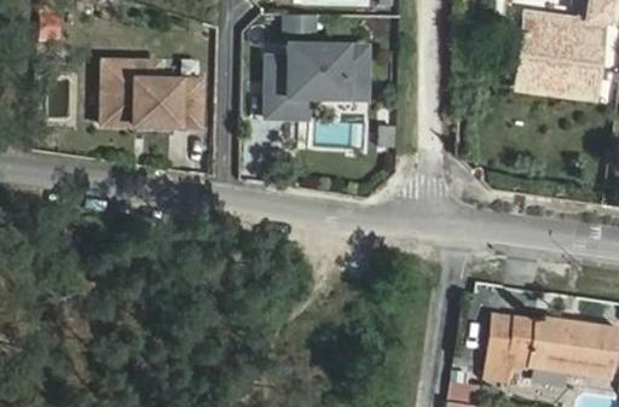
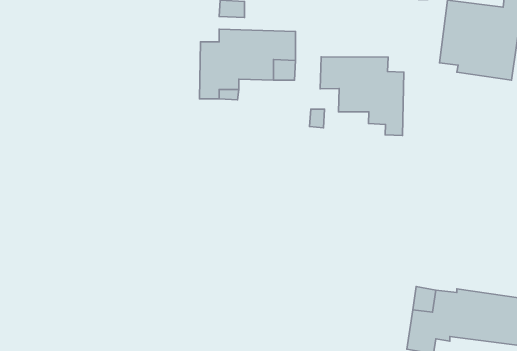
building: [103,63,201,135] -> none
building: none -> [320,57,404,136]

